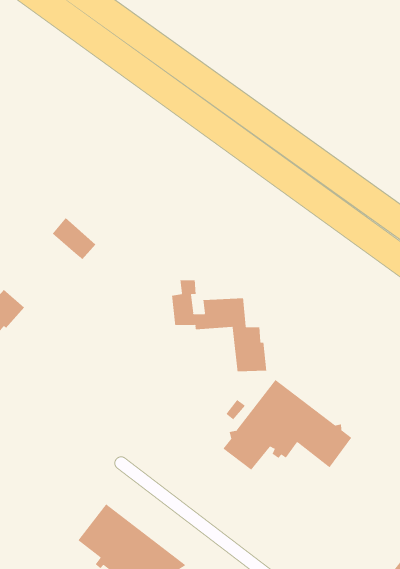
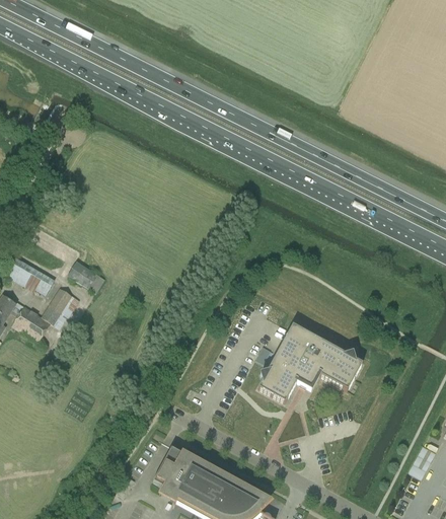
building: [52,217,96,260] -> [69,258,106,291]
building: [171,279,267,372] -> none

